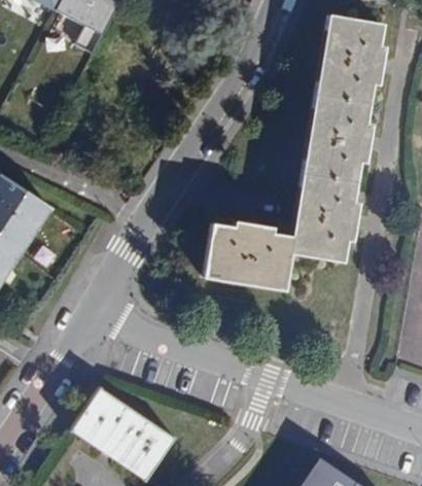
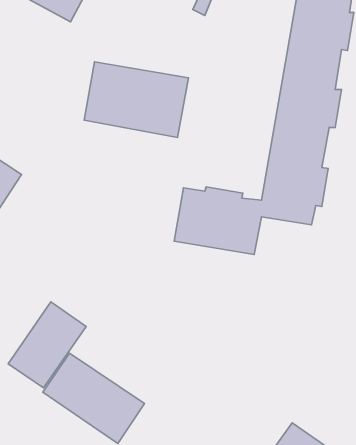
building: none -> [84,62,188,137]
building: none -> [8,302,86,388]

